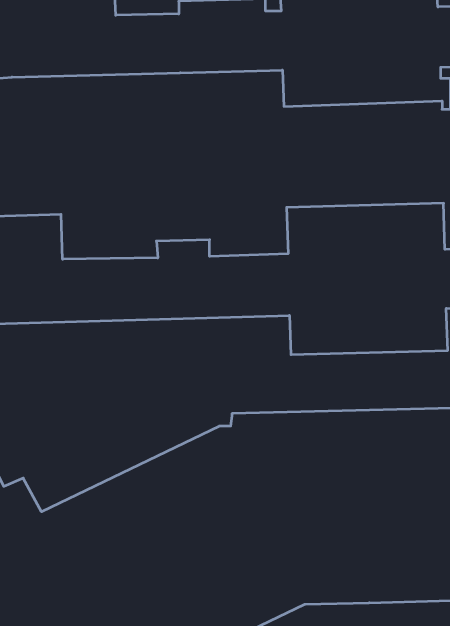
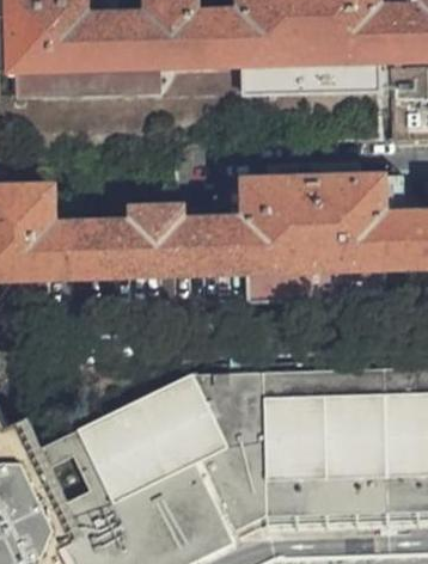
building: none -> [12,66,157,99]

